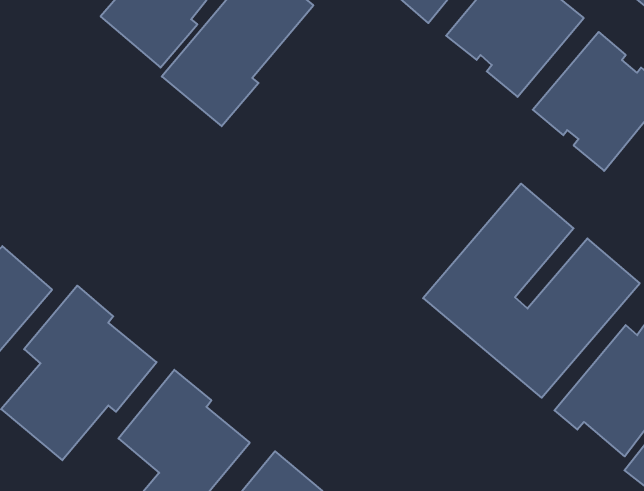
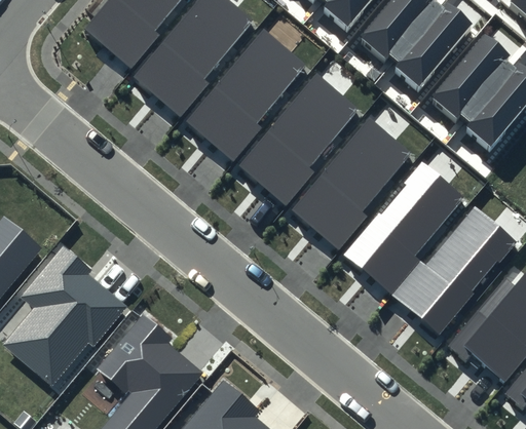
building: none -> [186,28,307,161]
building: none -> [239,72,361,205]
building: none -> [292,117,413,250]

